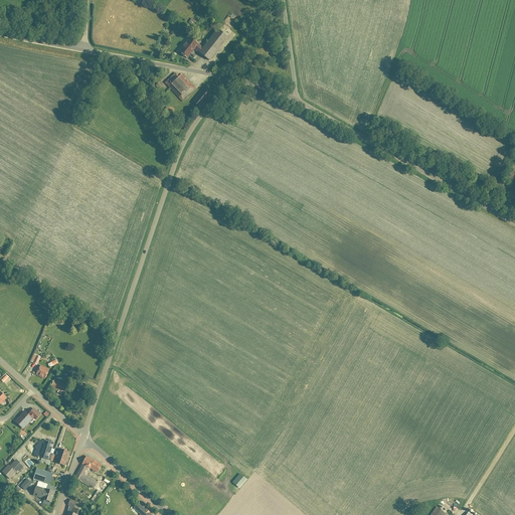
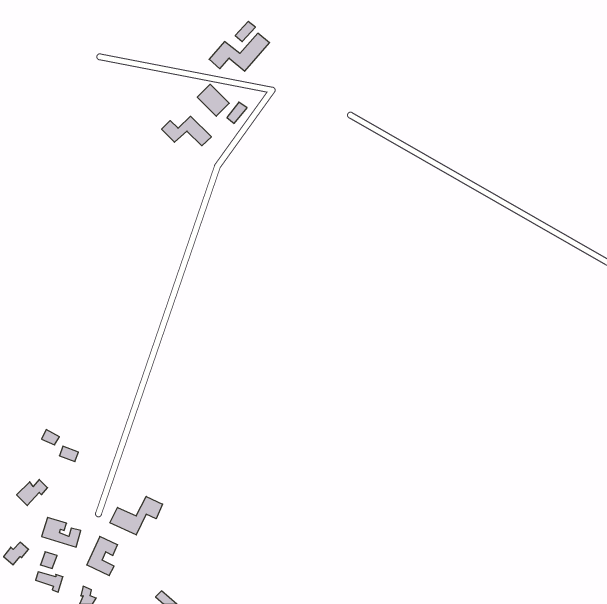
building: none -> [162,116,211,146]
building: none -> [110,496,163,535]

